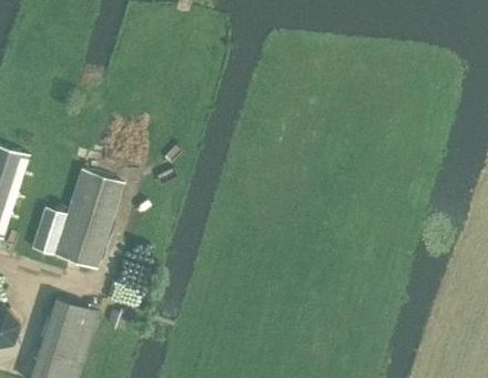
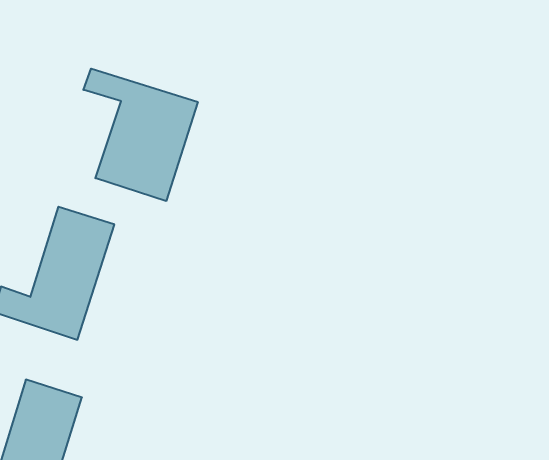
building: none -> [83,69,198,201]

